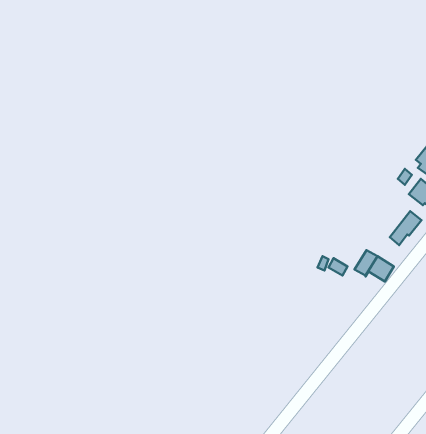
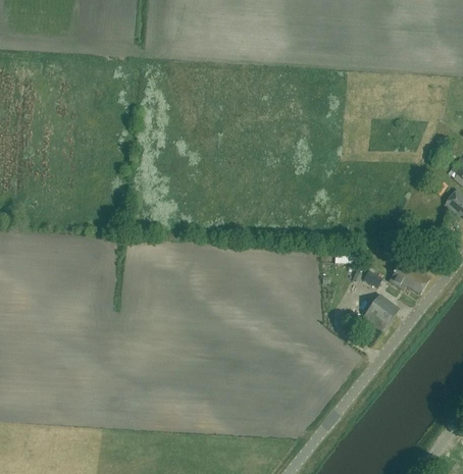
building: [390,211,422,245] -> none
building: none -> [362,297,396,330]

